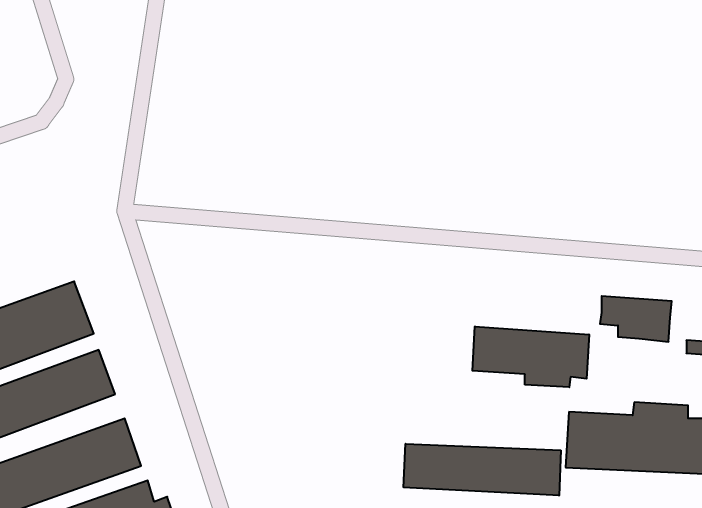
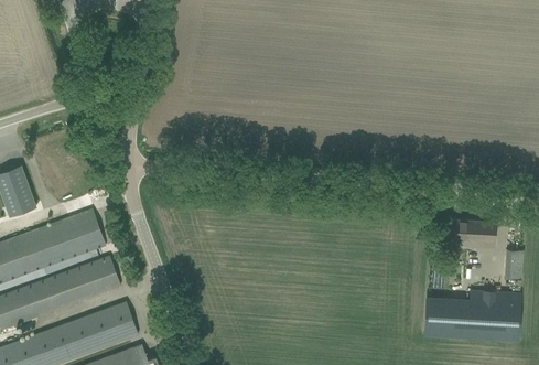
building: [472,326,589,387] -> none
building: [404,444,561,496] -> none

